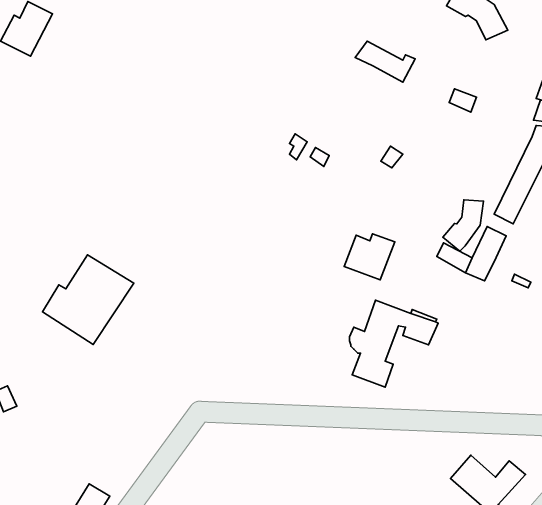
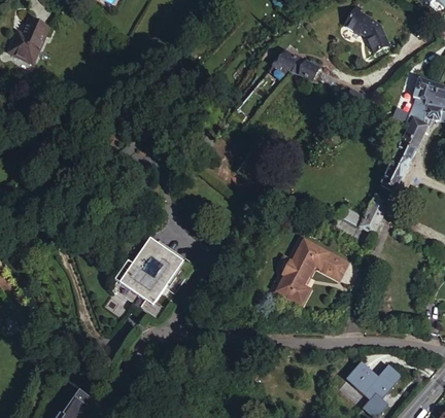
building: [443,200,483,251] -> none
building: [344,234,395,280] -> none
building: [43,255,134,345] -> [115,235,184,303]

